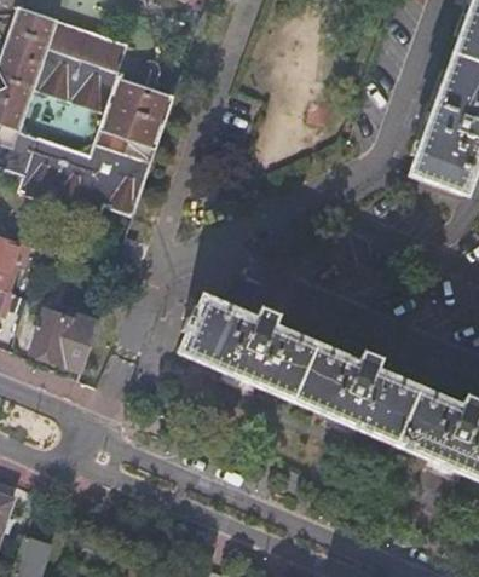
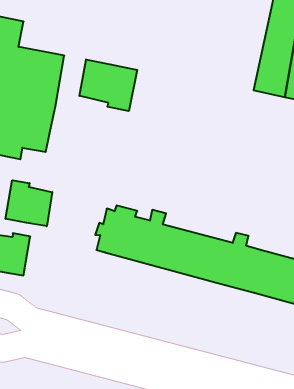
building: none -> [79,59,137,111]
building: none -> [6,180,52,226]

